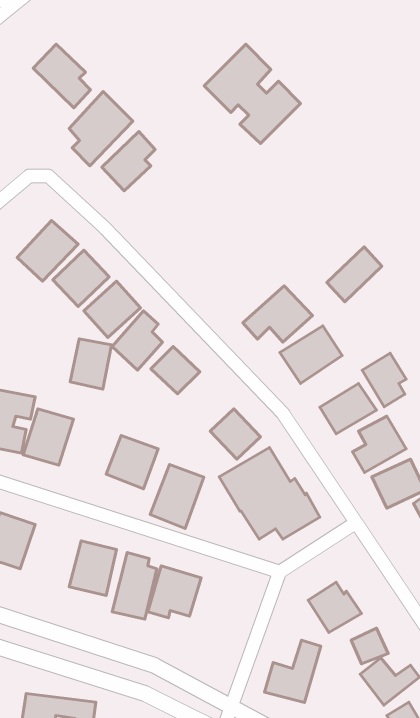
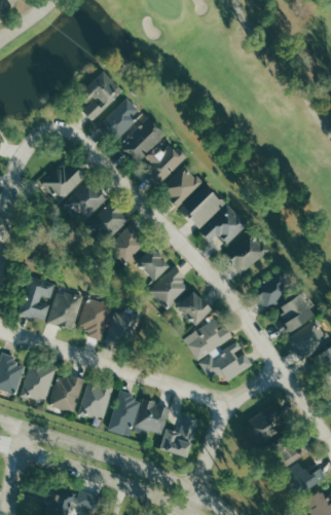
building: [33,44,91,108] -> none
building: [204,44,301,143] -> [119,117,186,186]
building: none -> [161,167,203,208]
building: [327,247,382,302] -> [187,191,225,229]
building: [70,339,112,389] -> [80,300,109,335]
building: [362,353,406,407] -> none
building: none -> [151,267,191,307]
building: [150,465,204,529] -> none
building: none -> [49,374,83,413]
building: [264,640,321,702] -> [159,414,198,457]

